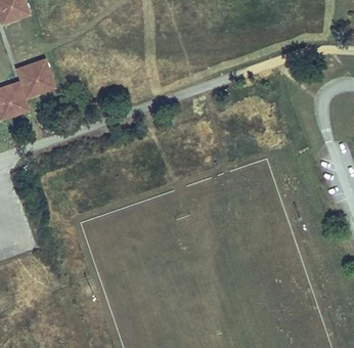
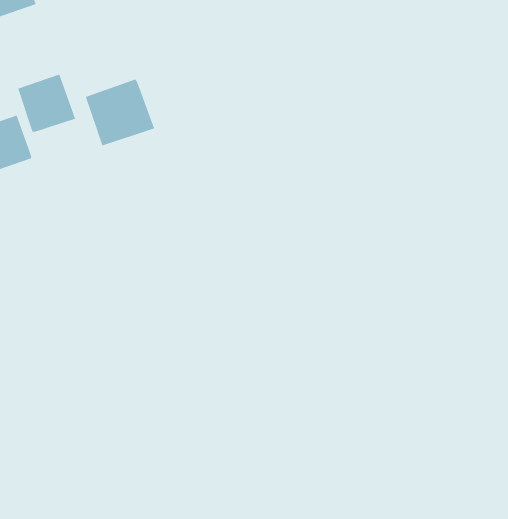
building: none -> [85,78,155,147]

